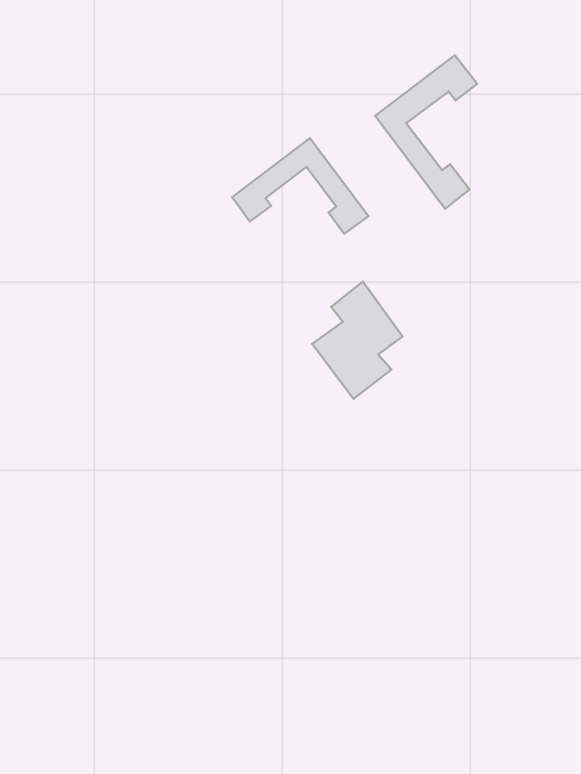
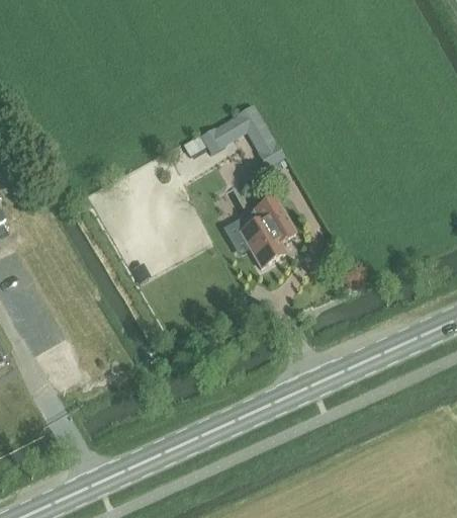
building: [375,55,477,209] -> none

